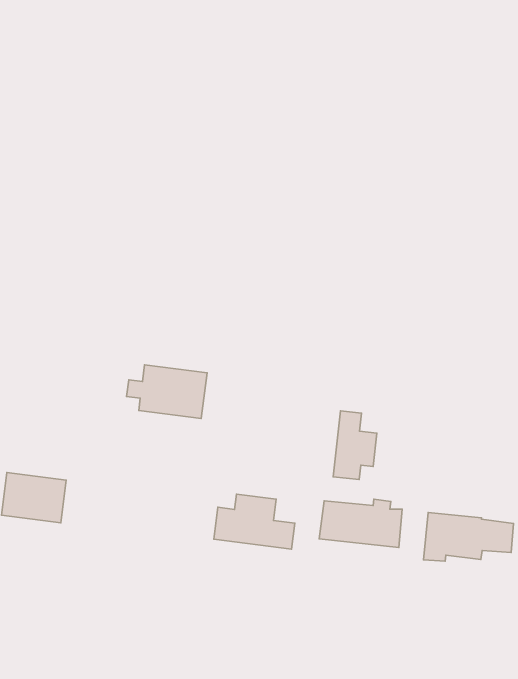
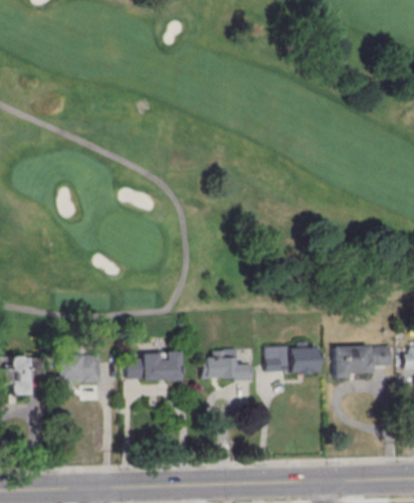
building: [127,365,207,418] -> [131,352,181,382]
building: [333,411,377,480] -> none

